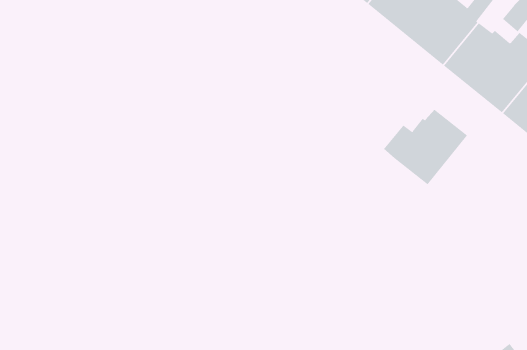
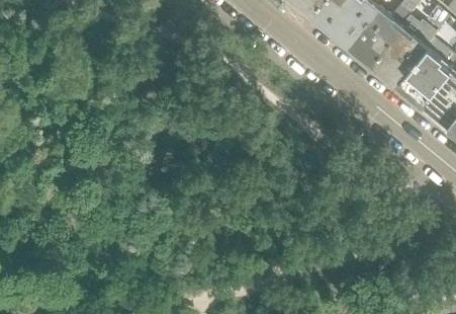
building: [383,109,468,185] -> none

